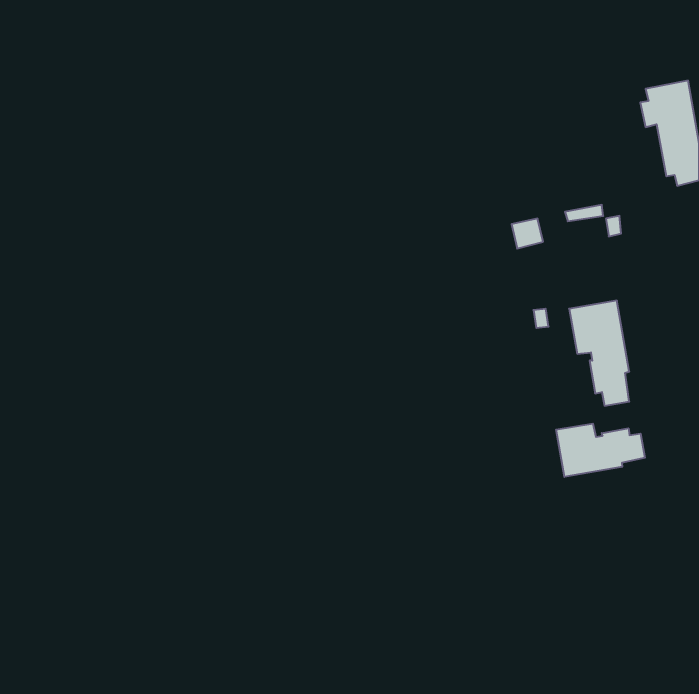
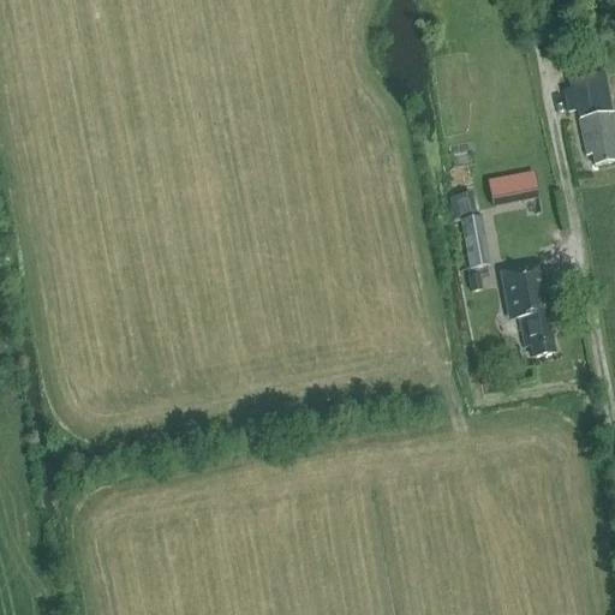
building: none -> [460,214,489,264]
building: [556,424,645,477] -> none

